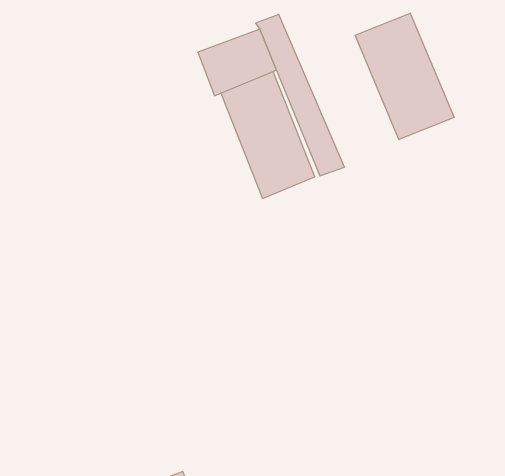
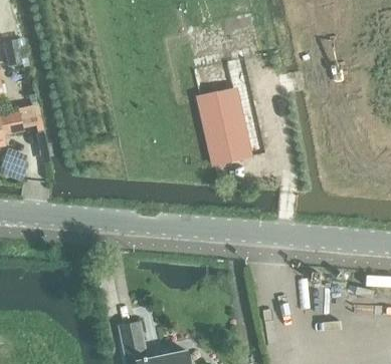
building: [355,13,454,140] -> none

